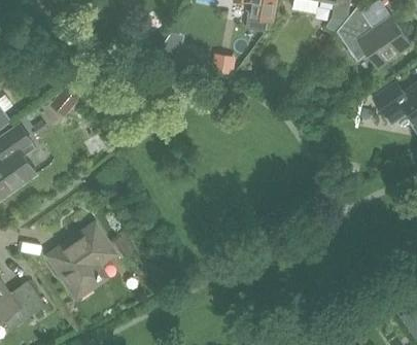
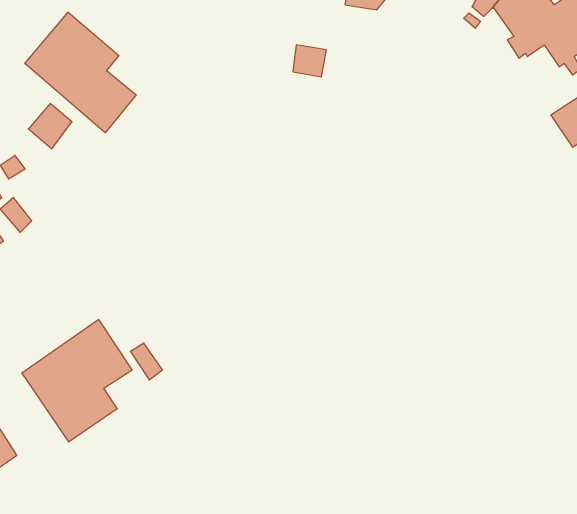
building: none -> [25,12,136,133]

